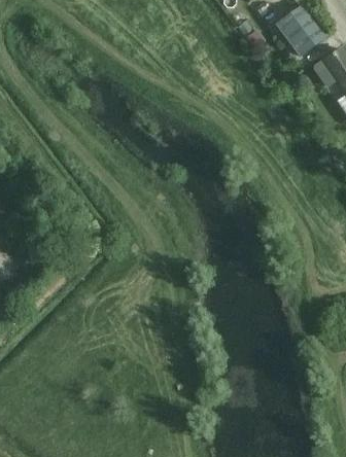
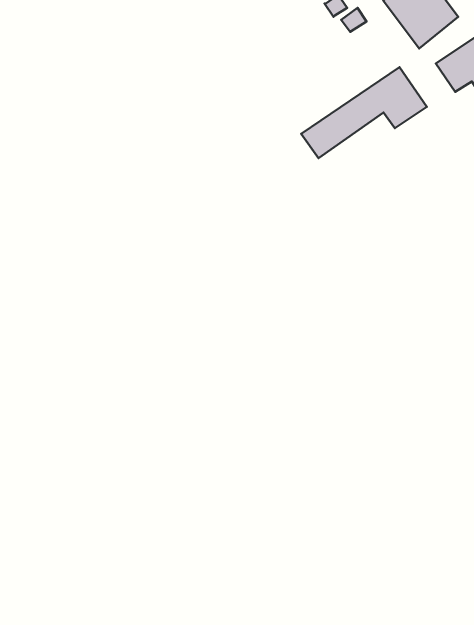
building: none -> [301,67,427,158]

